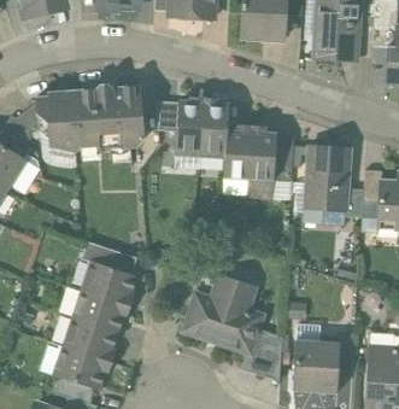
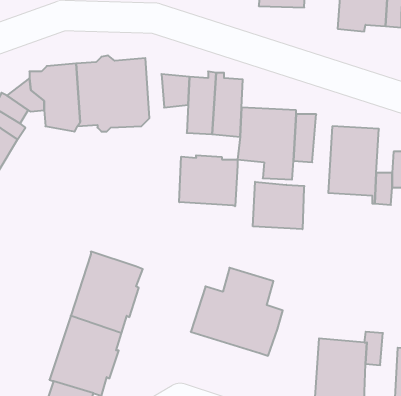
building: none -> [179,155,238,206]
building: none -> [253,182,304,229]
building: [81,240,136,273] -> none
building: [239,329,281,381] -> none

